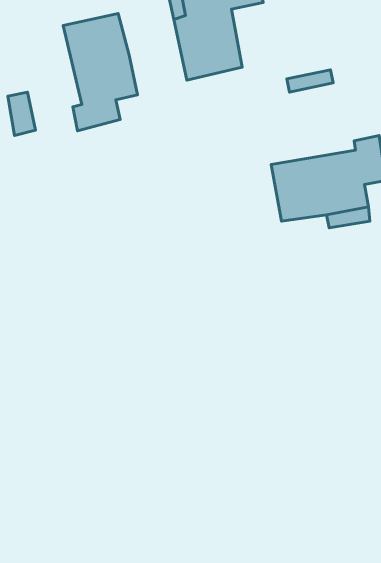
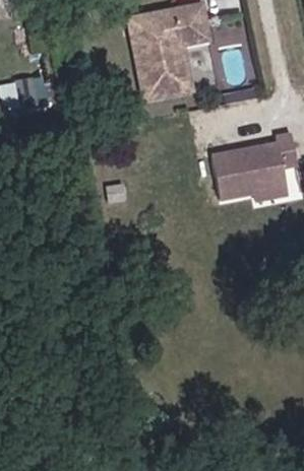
building: [63,13,138,131] -> none

